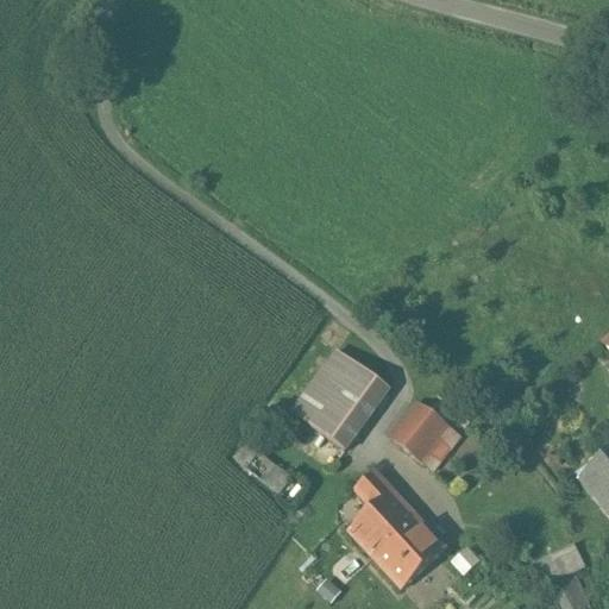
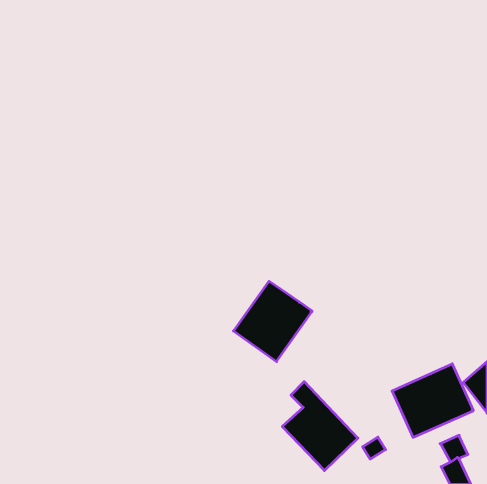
building: [390,400,451,460] -> none
building: none -> [392,364,473,437]

